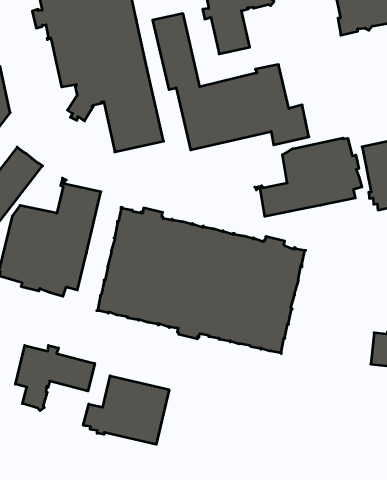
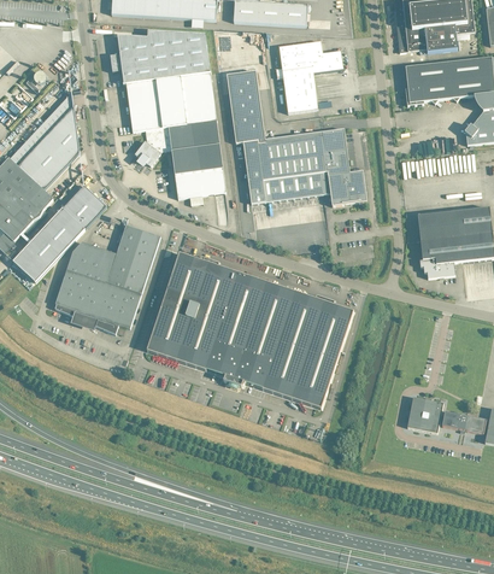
building: [255,138,362,216] -> none
building: [15,345,95,411] -> none
building: [83,376,169,444] -> none

